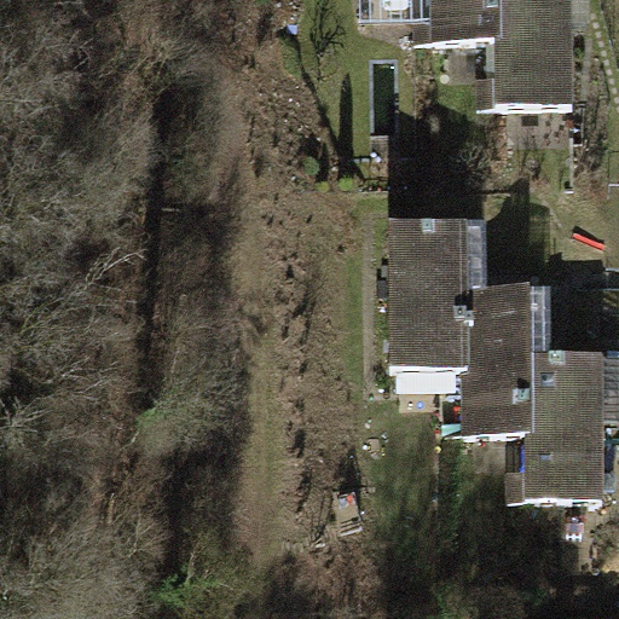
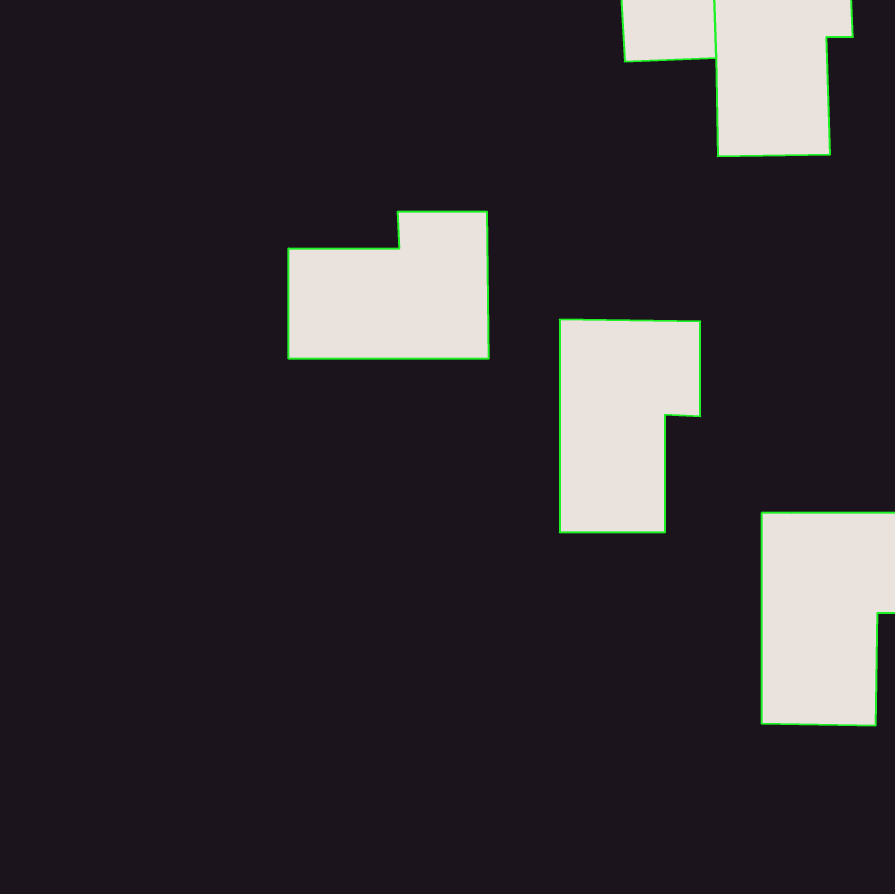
building: none -> [289,212,489,359]
building: [444,285,546,434] -> none

